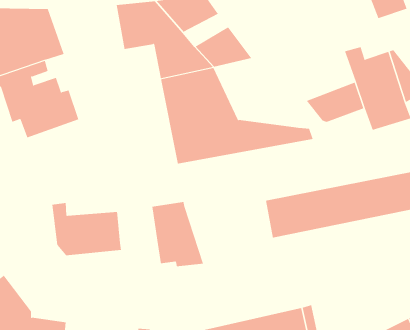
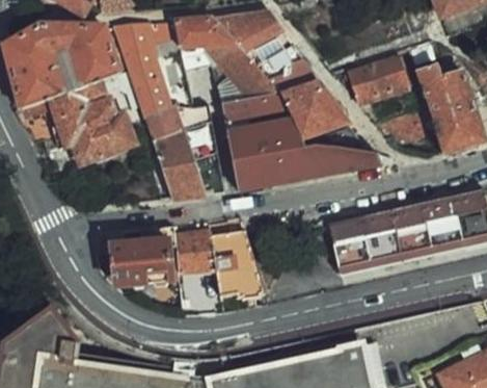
building: none -> [113,22,222,198]
building: none -> [346,52,415,100]
building: none -> [274,78,363,151]
building: none -> [173,232,214,273]

